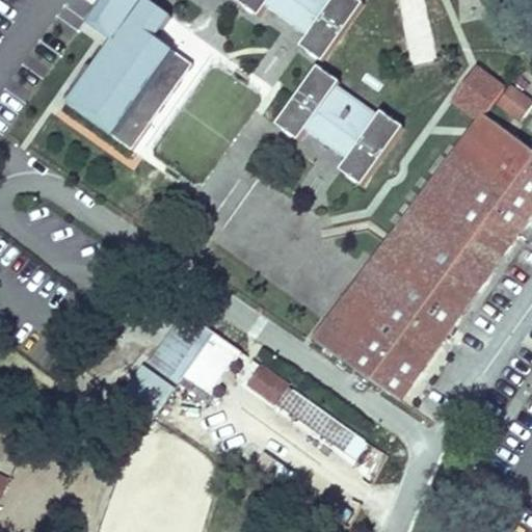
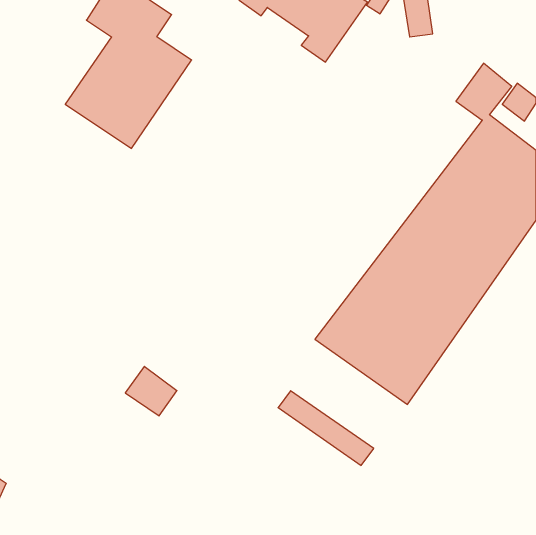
building: [274,64,404,185] -> none
building: [147,311,240,394] -> none
building: [244,363,289,404] -> none

